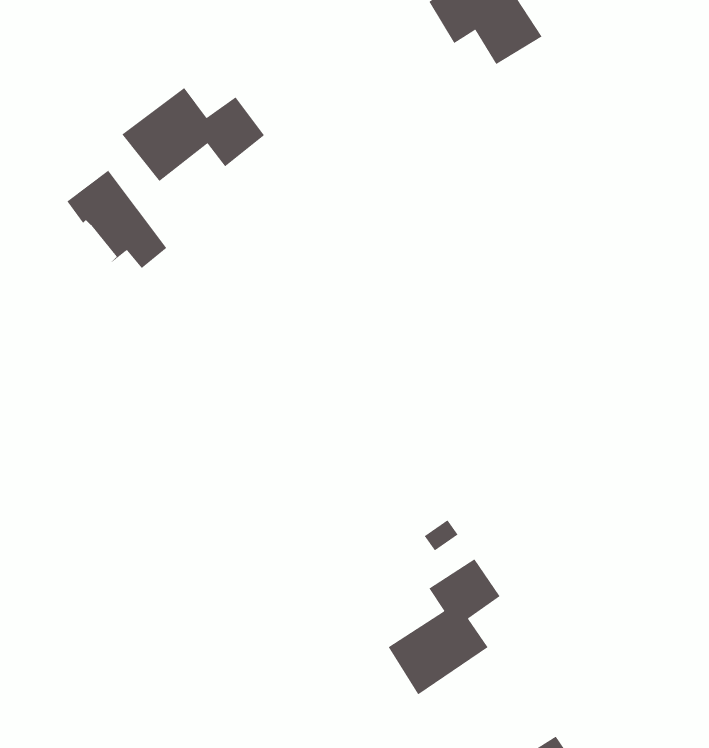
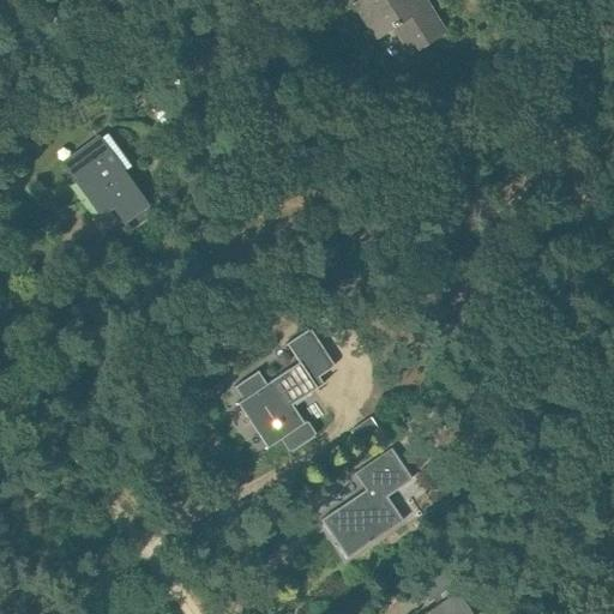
building: [121,87,265,182] -> none
building: none -> [241,330,332,450]

